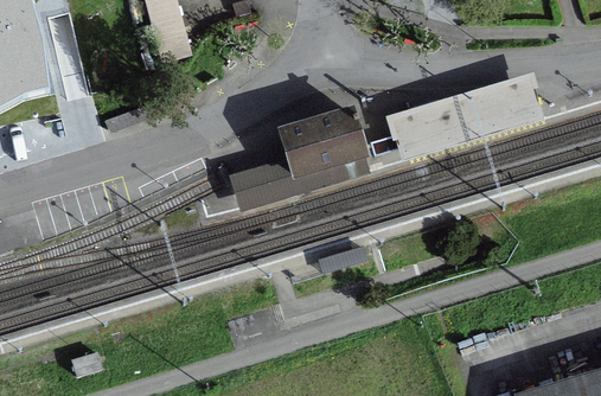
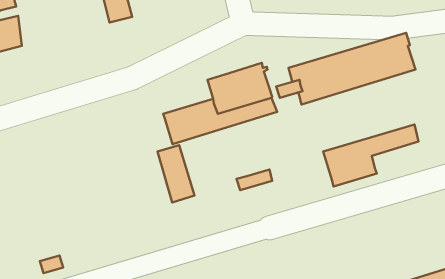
building: none -> [323,125,418,187]
building: none -> [157,145,194,202]

